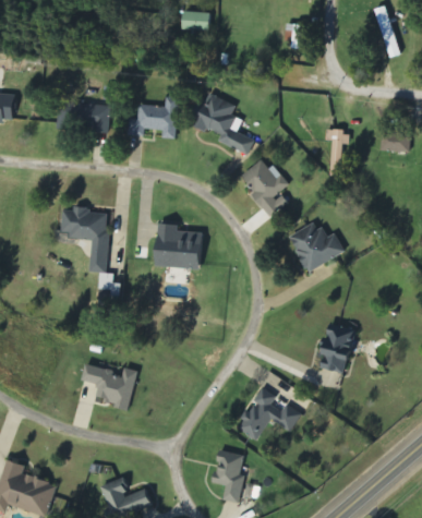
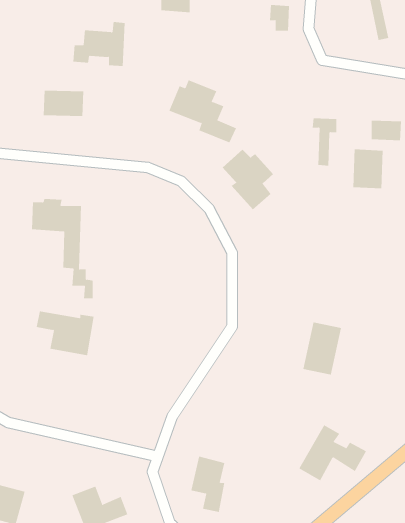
building: [129,96,179,138] -> [73,22,126,67]
building: none -> [353,149,383,189]
building: [288,220,346,273] -> none
building: [154,224,200,268] -> none
building: [82,365,137,408] -> [36,311,95,356]
building: [238,387,302,441] -> [299,425,367,481]

